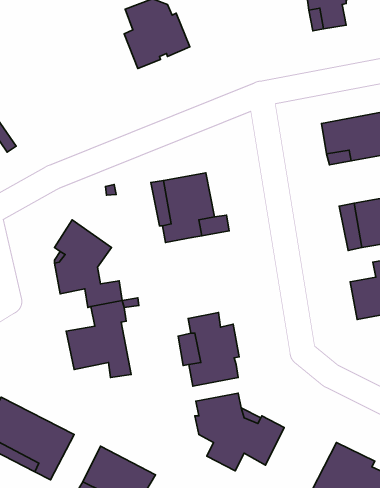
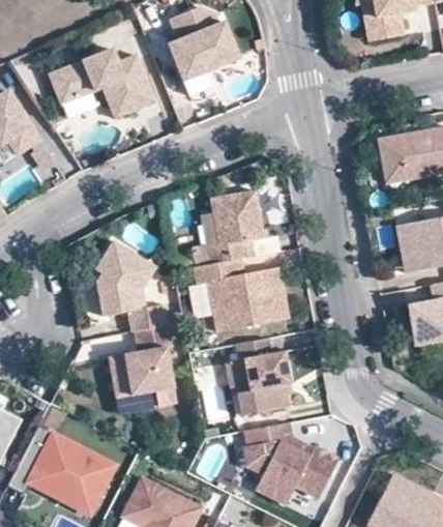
building: none -> [50,49,156,118]
building: none -> [196,259,289,331]

